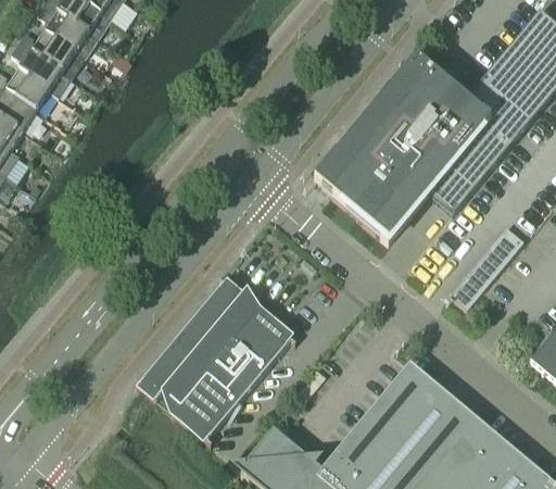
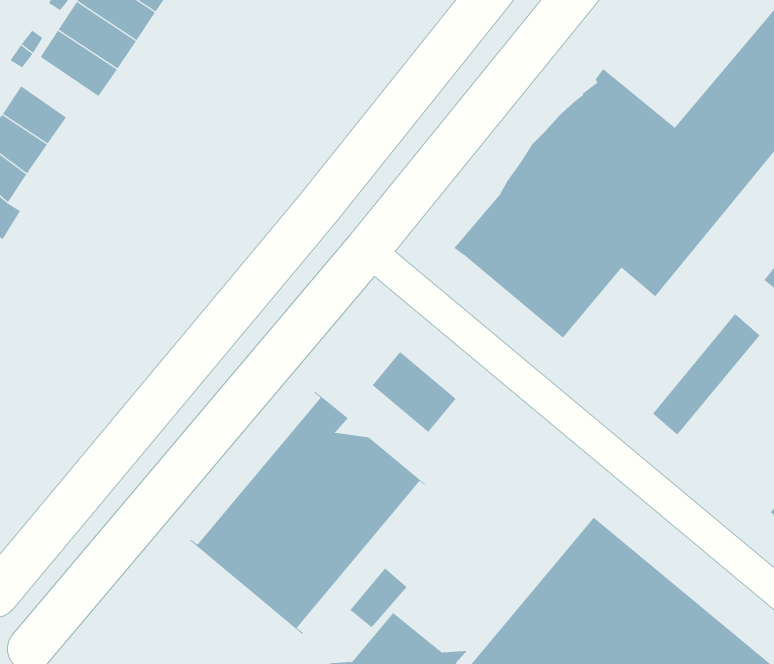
building: [20,48,73,95] -> none
building: none -> [372,351,457,433]
building: none -> [350,568,408,628]

